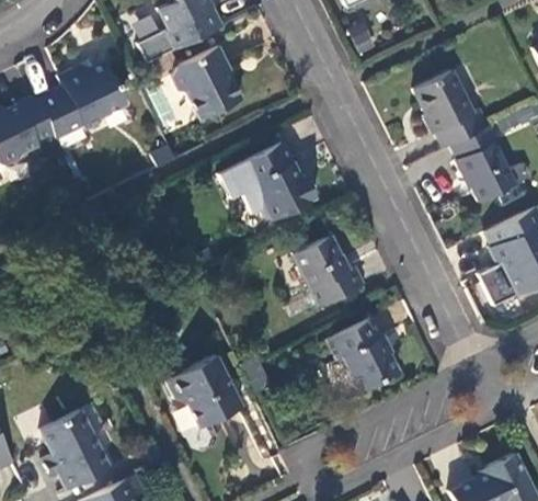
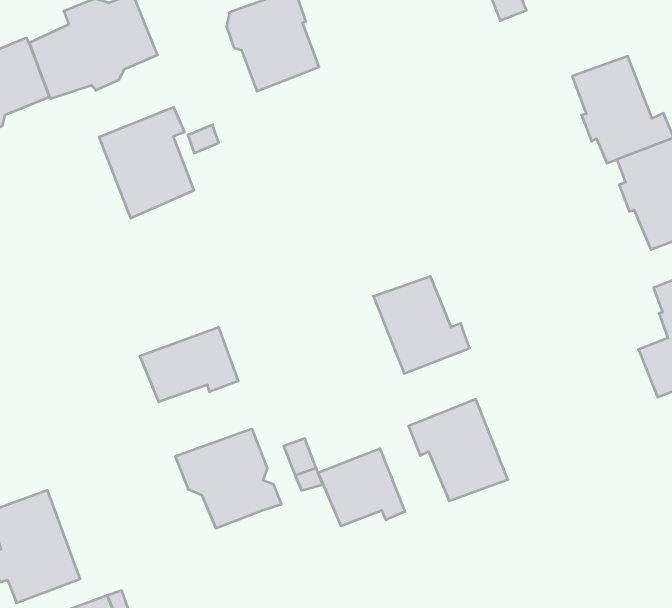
building: none -> [99,107,194,218]
building: [237,145,314,221] -> none
building: none -> [140,327,238,402]
building: none -> [318,449,405,526]

